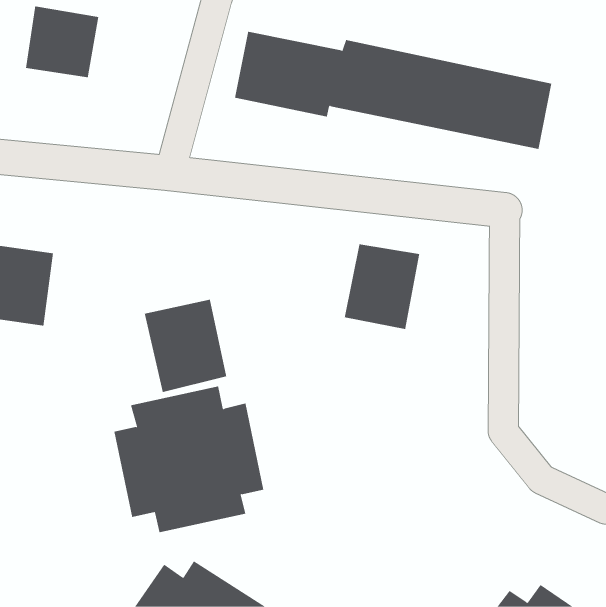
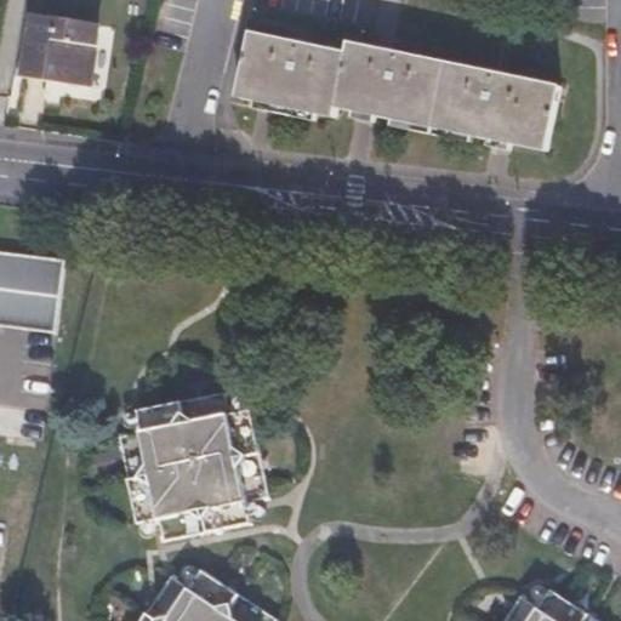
building: [344,243,420,330] -> none
building: [144,299,227,393] -> none

